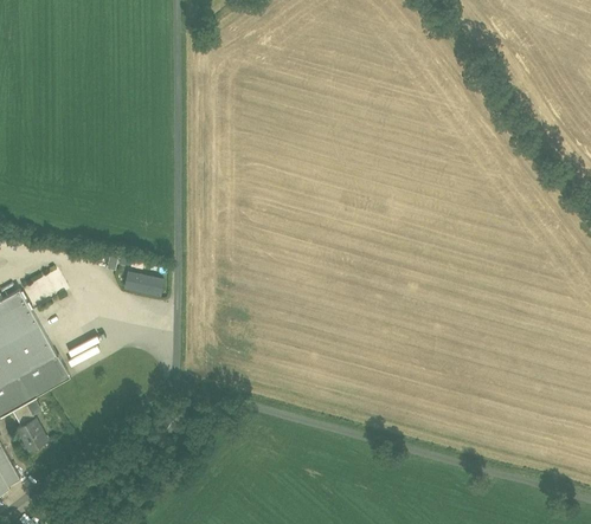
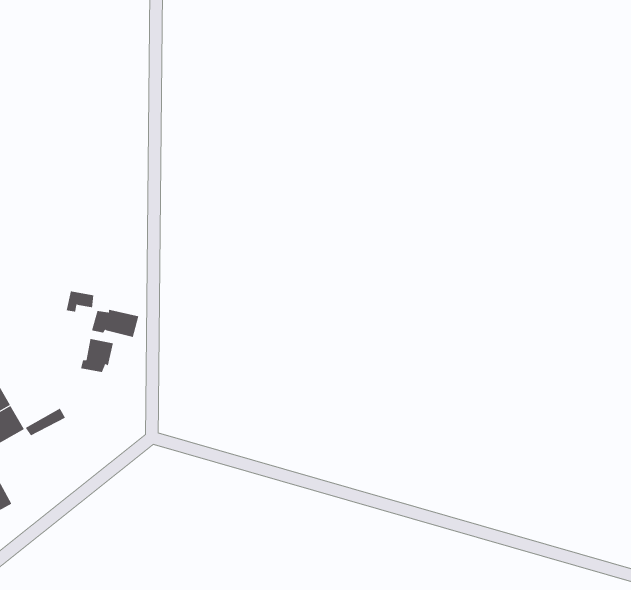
building: none -> [81,338,113,373]

